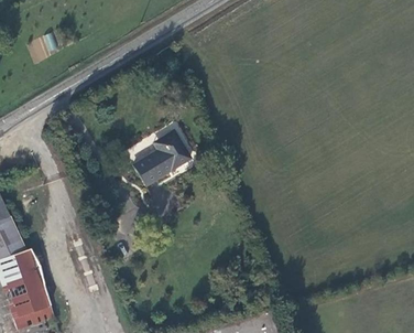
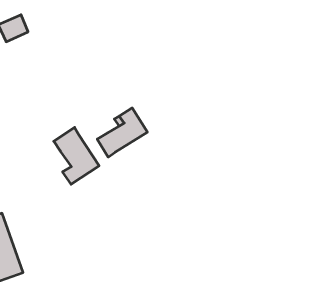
building: none -> [54,127,99,184]

